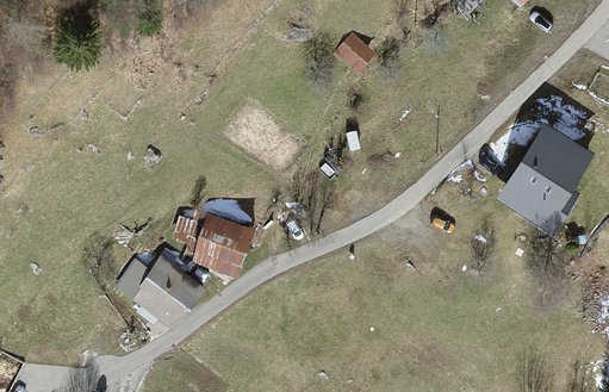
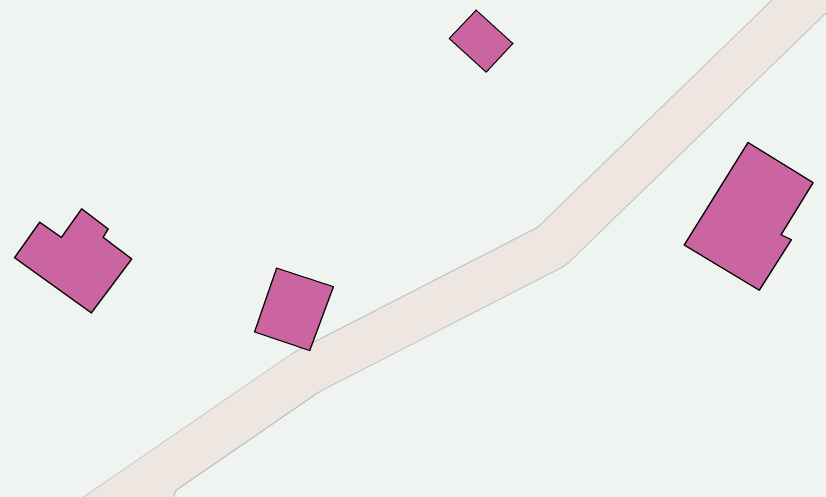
building: [118,250,201,324] -> [14,209,132,313]

